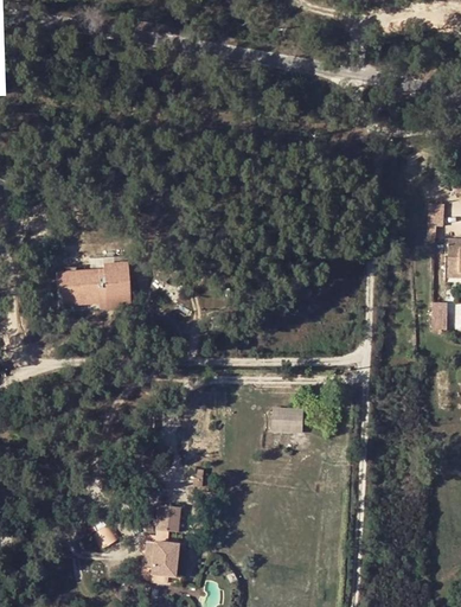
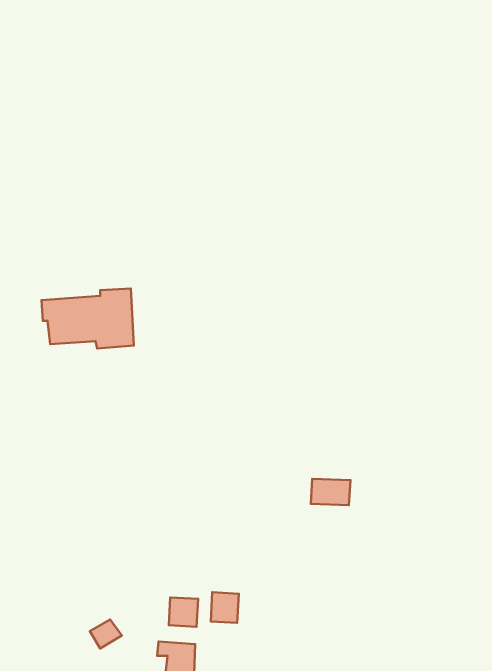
building: none -> [211,592,239,623]

